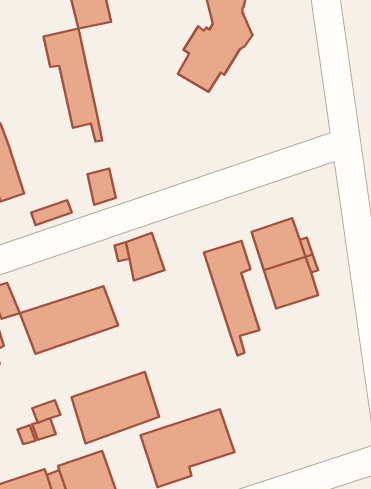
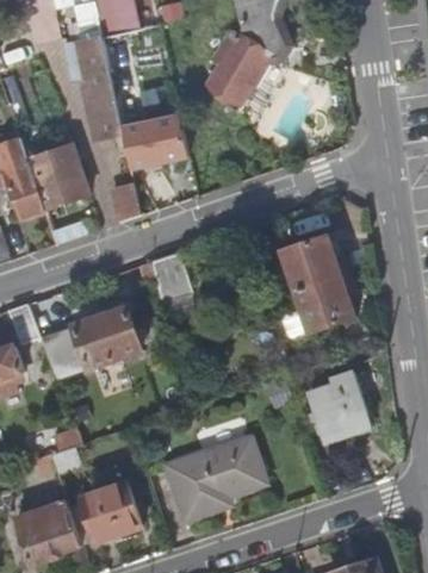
building: none -> [120,113,186,173]
building: none -> [26,144,87,210]
building: [204,241,259,356] -> none
building: none -> [308,370,370,442]
building: [71,372,159,444] -> none

